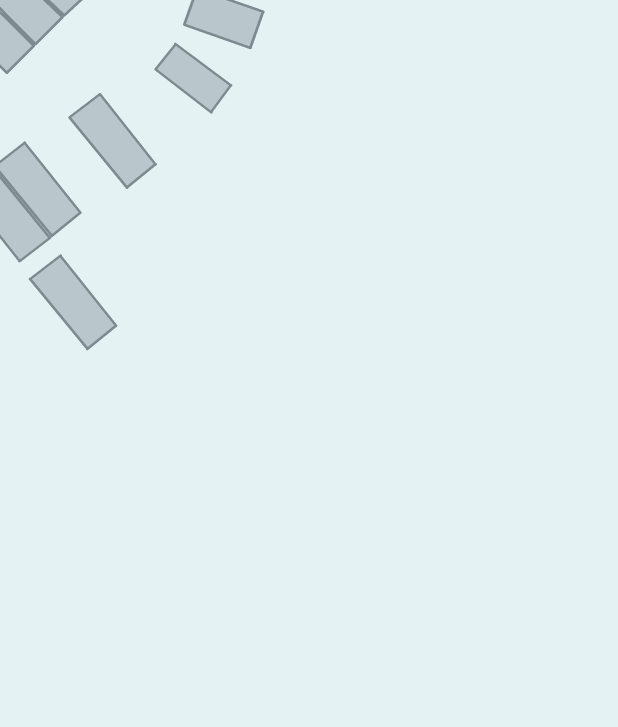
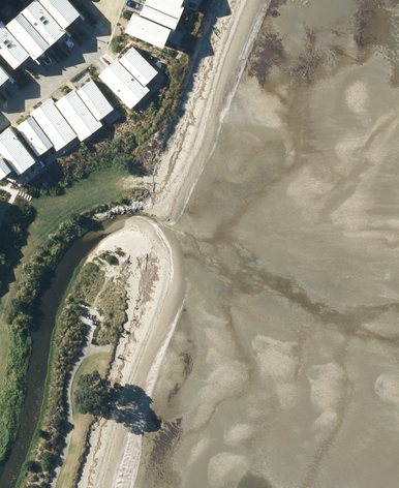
building: none -> [96,57,152,111]
building: [30,256,116,349] -> [48,88,97,142]

